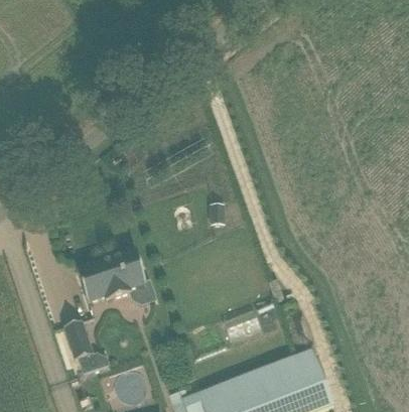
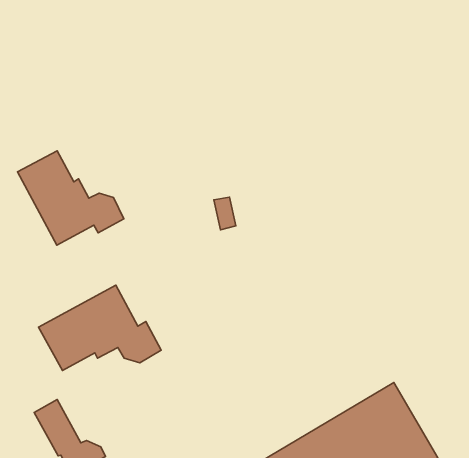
building: none -> [17,151,124,245]

